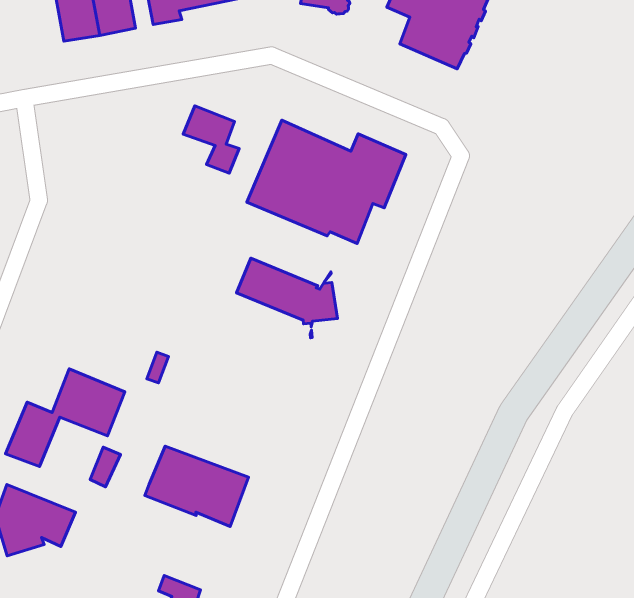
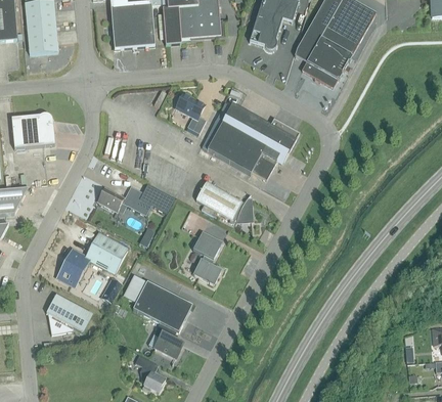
building: none -> [97,183,174,215]
building: none -> [192,230,222,283]
building: none -> [153,320,182,364]

